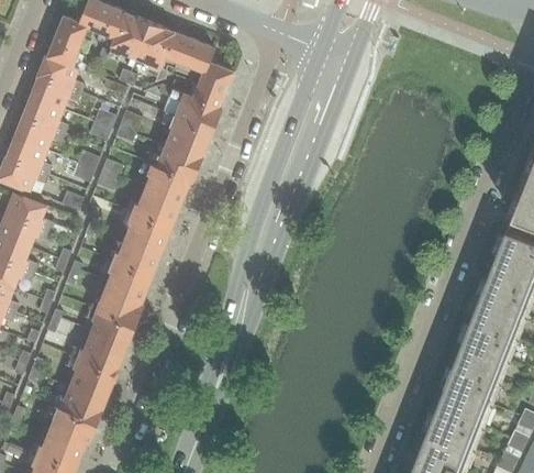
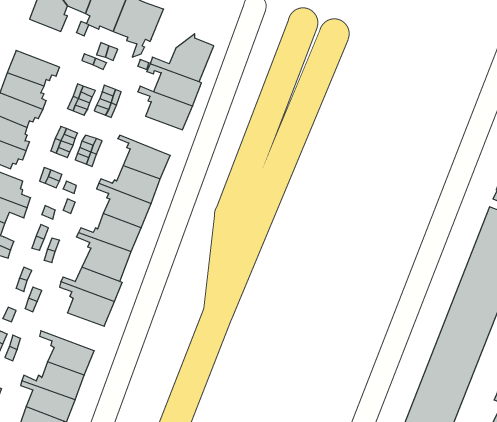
building: [173,35,215,74] -> none
building: [38,45,86,92] -> none
building: [142,141,203,180] -> none
building: [64,334,126,372] -> none

